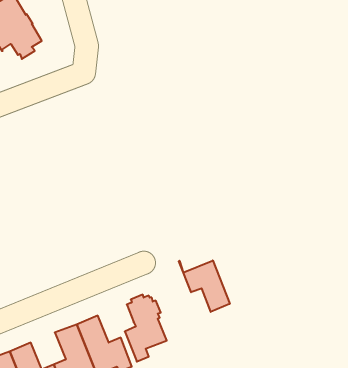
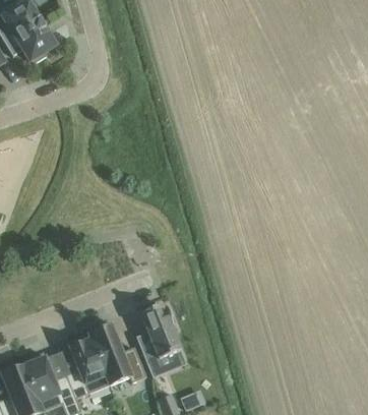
building: [179,260,230,312] -> none

